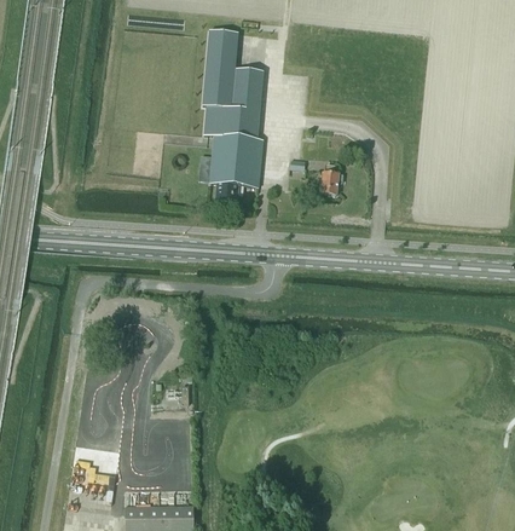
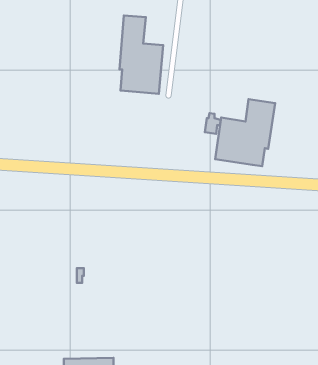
building: [209,134,262,206] -> none
building: none -> [215,99,275,166]

